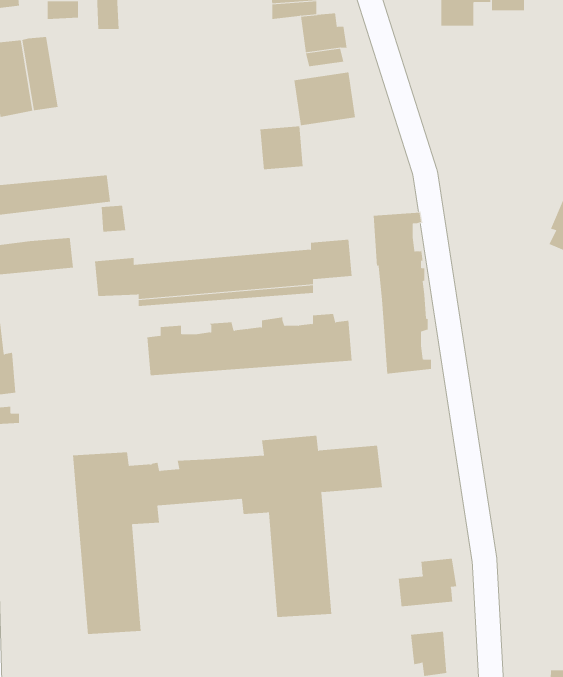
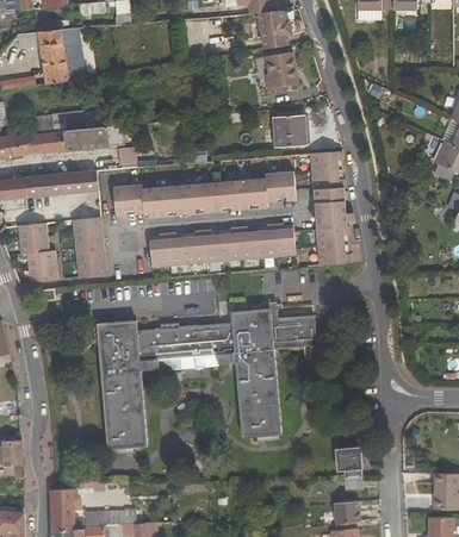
building: [260,126,304,170] -> [272,115,303,146]
building: none -> [72,217,106,277]
building: [398,558,457,607] -> none

